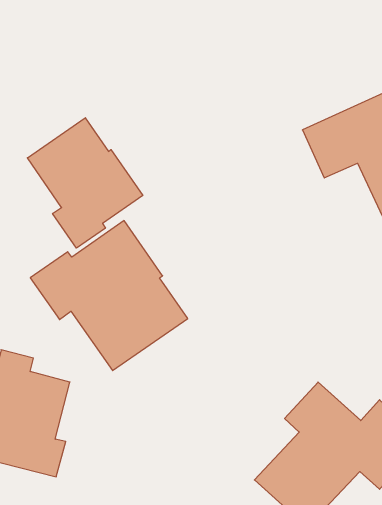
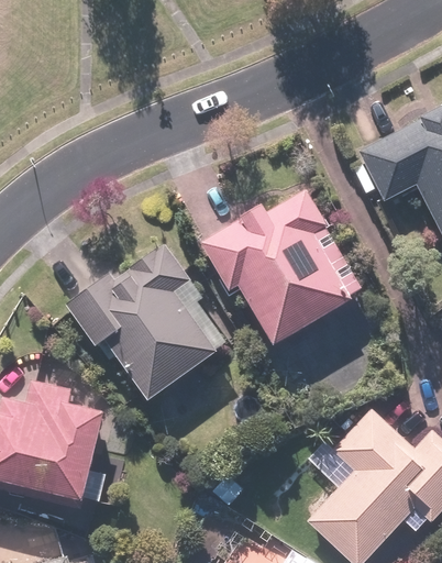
building: [27,118,143,248] -> none
building: none -> [199,189,369,347]

